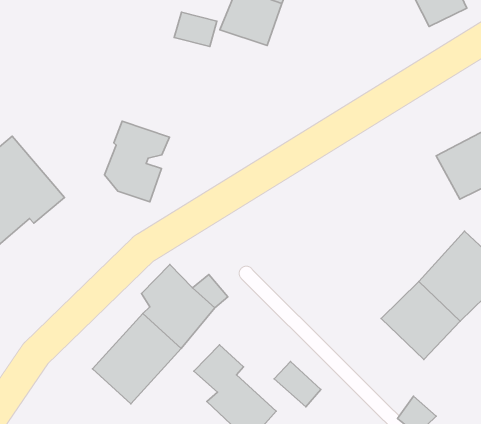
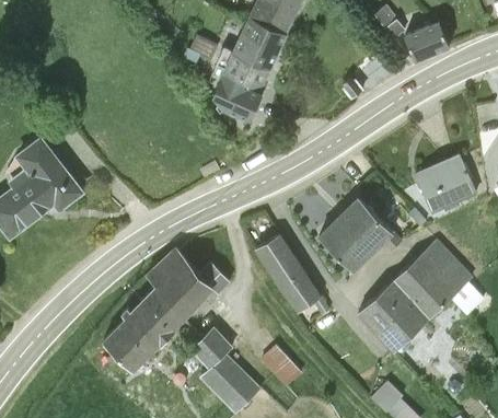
building: [104,121,169,202] -> [212,51,271,124]
building: none -> [317,196,401,272]
building: none -> [254,235,322,314]

